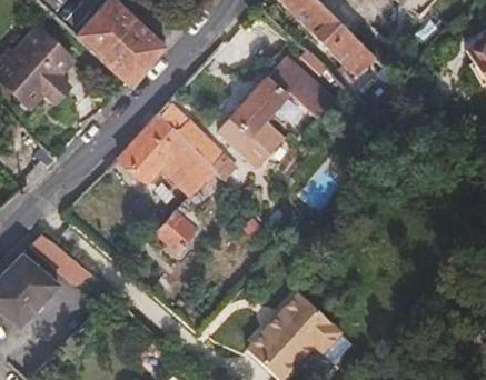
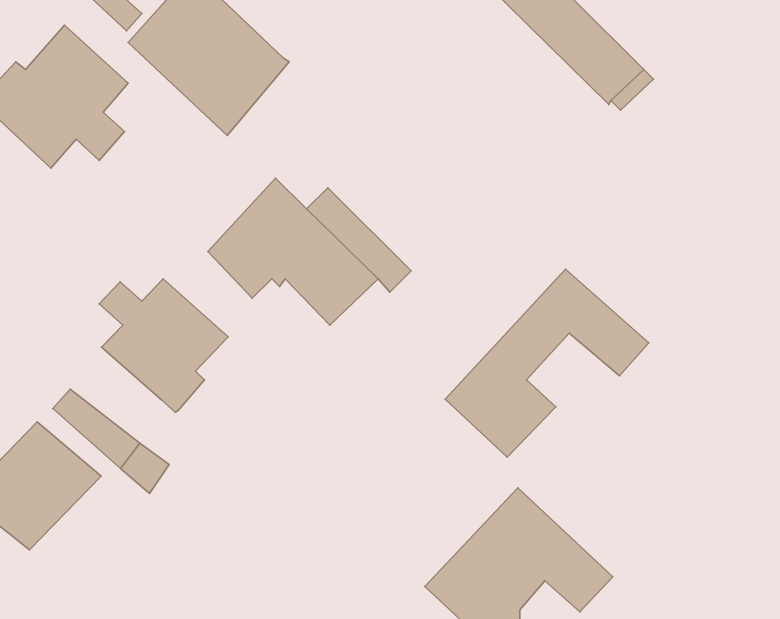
building: [218,56,335,163] -> [445,269,649,457]
building: none -> [99,279,228,412]
building: [156,210,199,253] -> none

